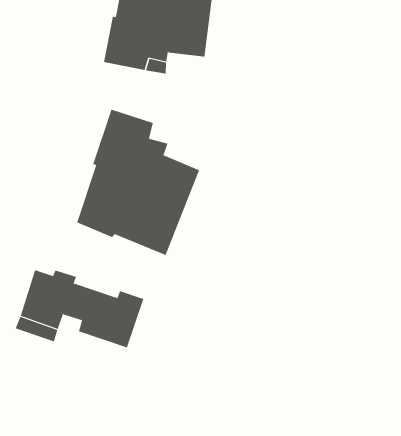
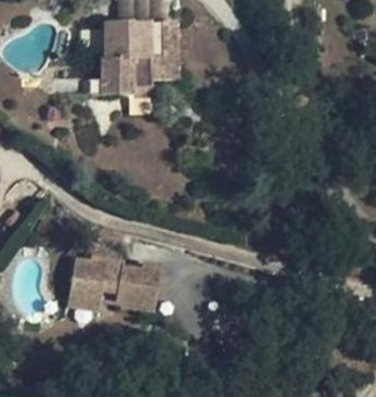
building: [76,109,200,256] -> none

